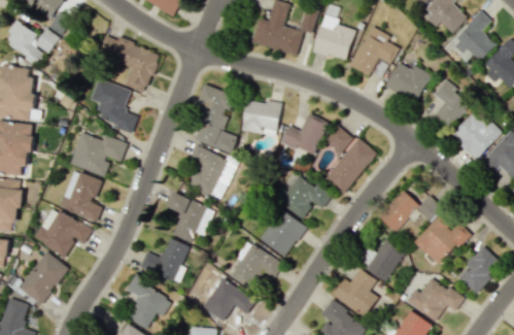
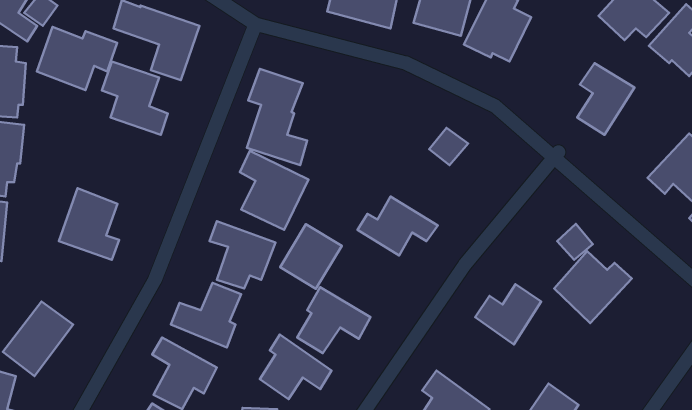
building: [385,62,430,101] -> none
building: [242,99,280,134] -> none
building: [281,112,329,156] -> none
building: [451,112,503,159] -> none
building: [69,131,127,176] -> [37,27,117,90]
building: [324,137,377,194] -> none
building: [378,189,419,231] -> none
building: [33,206,92,257] -> none
building: [261,209,305,256] -> [280,224,342,289]
building: [456,246,503,293] -> none
building: [333,268,378,316] -> none
building: [406,276,464,322] -> none

